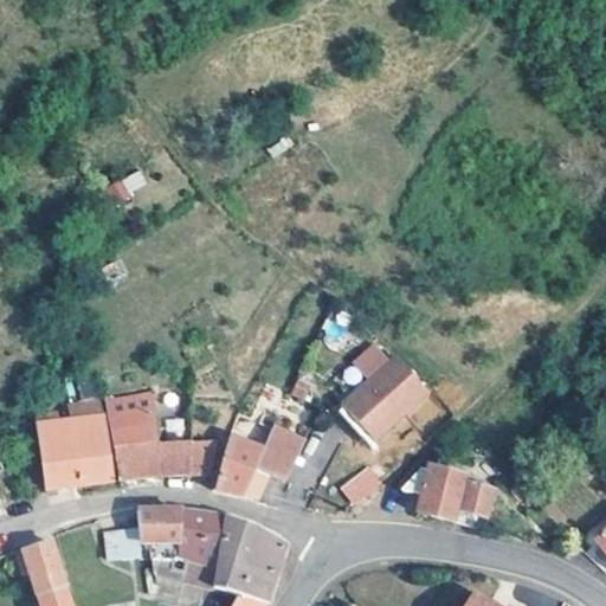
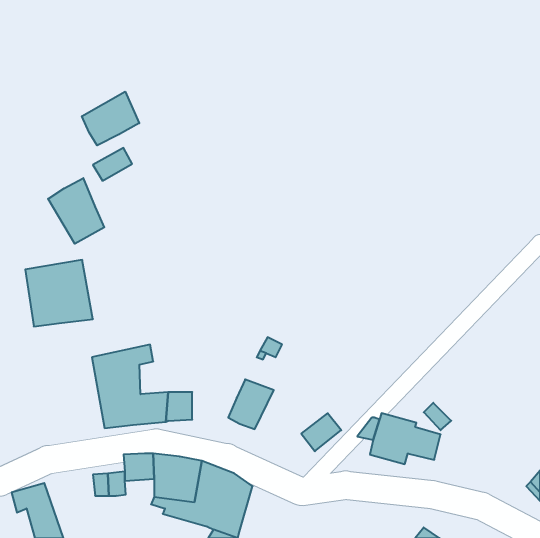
building: none -> [82,92,139,145]
building: none -> [48,178,104,244]
building: [341,356,430,444] -> none
building: [37,414,112,489] -> [25,260,93,326]
building: [217,434,269,498] -> none

